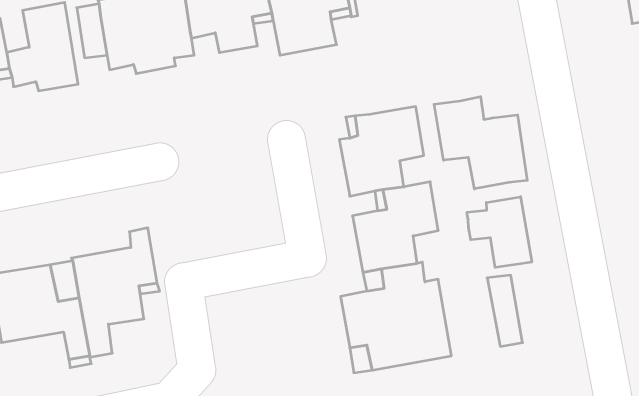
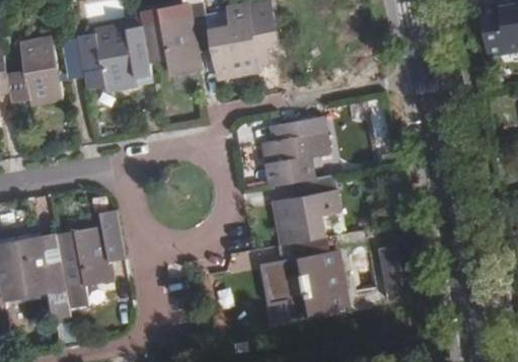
building: [434,97,527,189] -> none
building: [467,197,532,267] -> none

